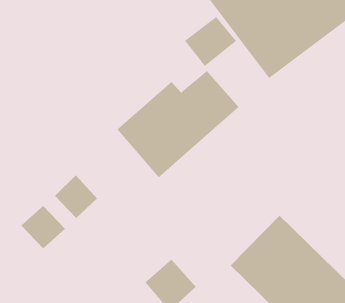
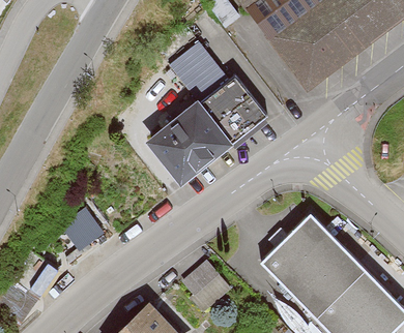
building: [184,16,237,67] -> [168,40,219,89]
building: [54,175,98,219] -> none

